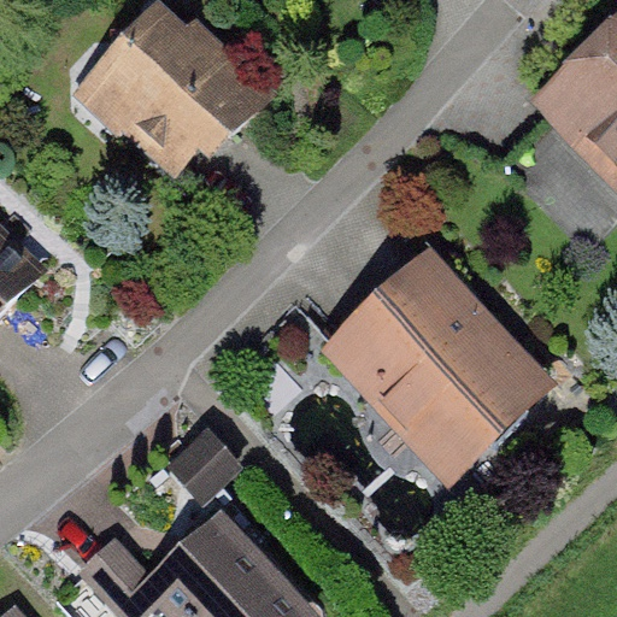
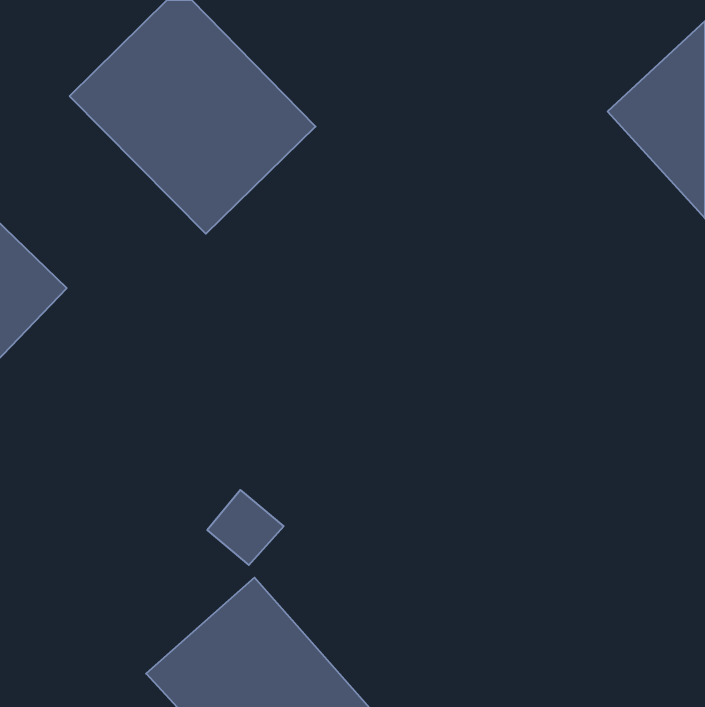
building: [318,242,560,489] -> none

